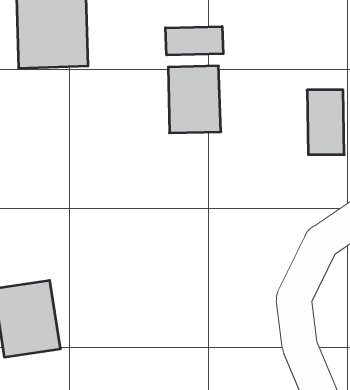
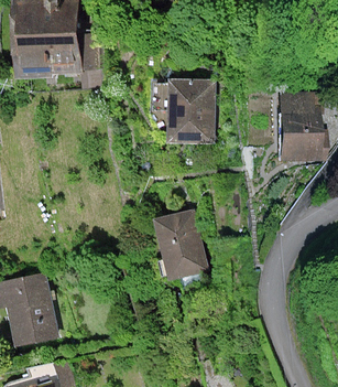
building: [165,26,223,55] -> none
building: none -> [161,213,205,282]

